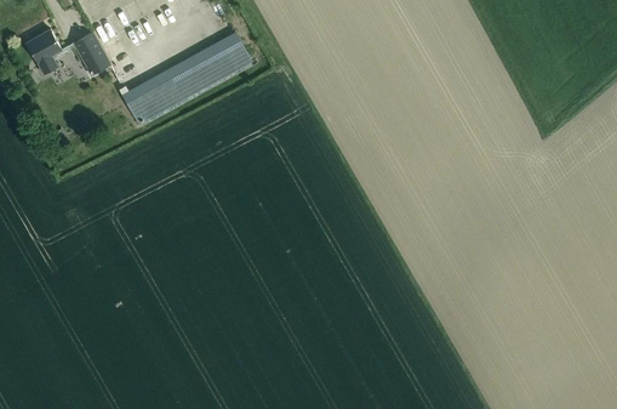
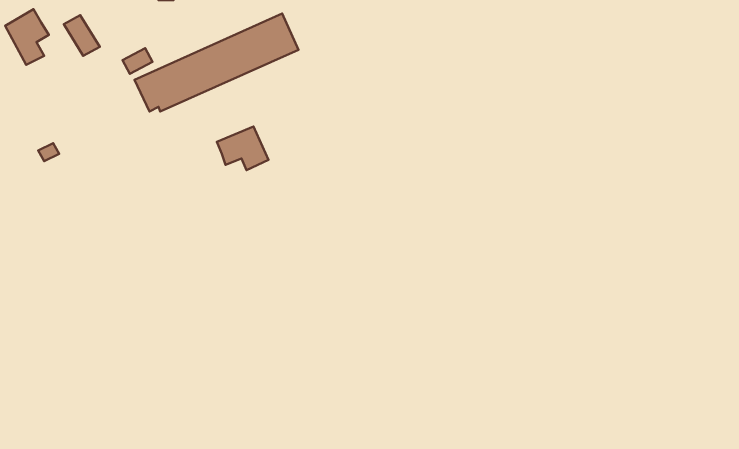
building: none -> [217,126,269,170]

